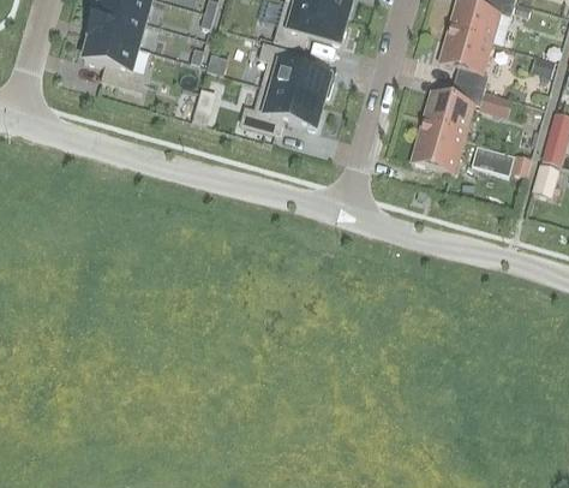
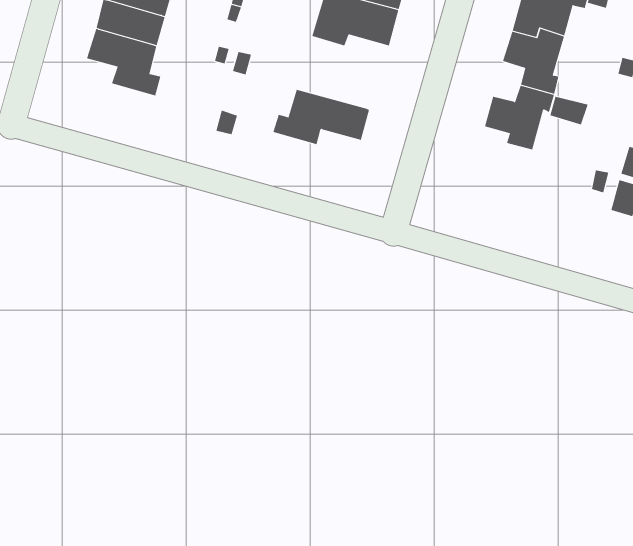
building: [258,43,333,103] -> none
building: [411,118,465,173] -> none
building: [471,144,514,174] -> none

